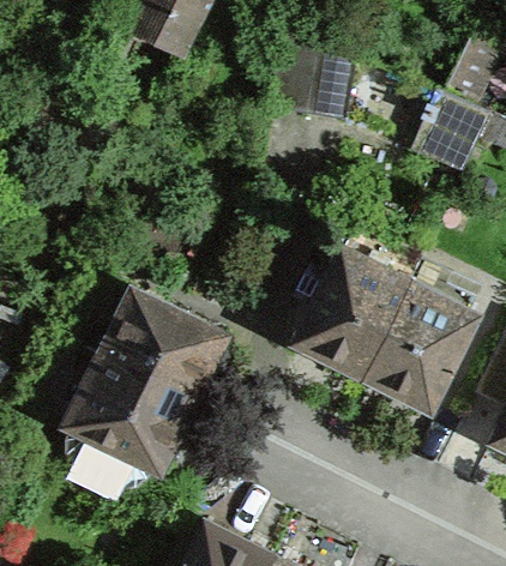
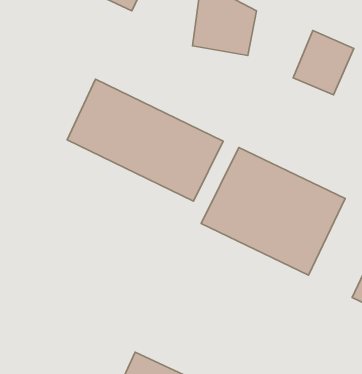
building: none -> [67,79,223,201]
building: [61,288,230,474] -> none

